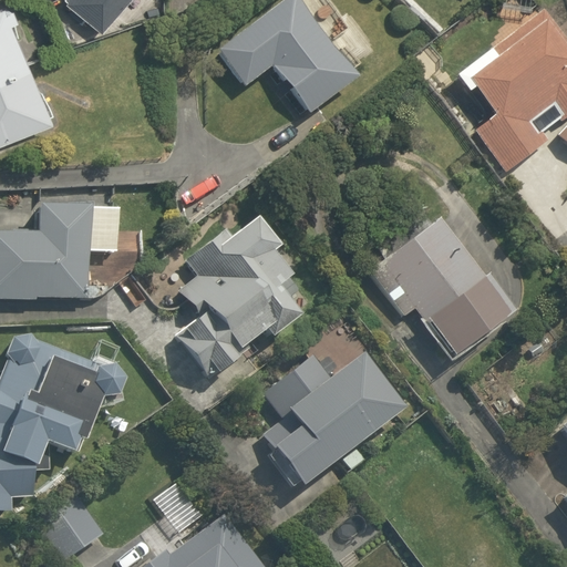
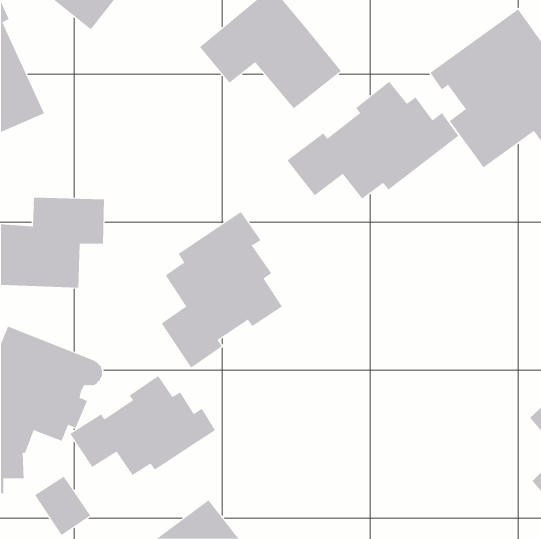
building: none -> [287,81,459,199]
building: [370,218,507,357] -> none
building: [262,358,400,484] -> none
building: none -> [69,375,216,476]

